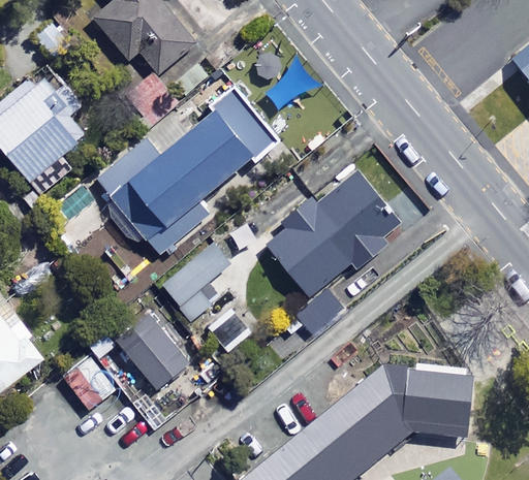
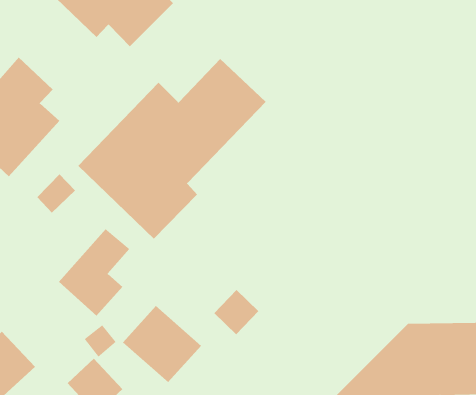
building: [264,173,404,298] -> none
building: [161,241,231,321] -> [58,229,130,317]

